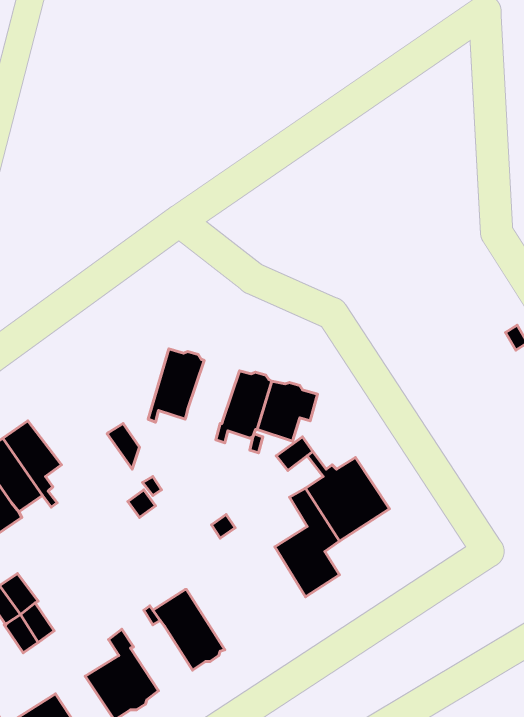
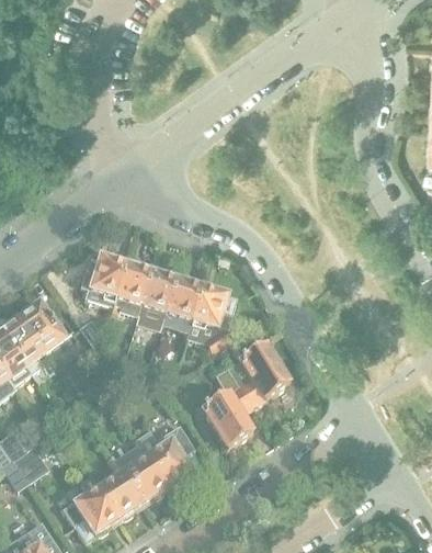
building: none -> [81,255,127,316]
building: none -> [141,272,180,316]
building: none -> [22,303,75,350]
building: none -> [136,424,203,488]
building: none -> [99,471,145,519]

